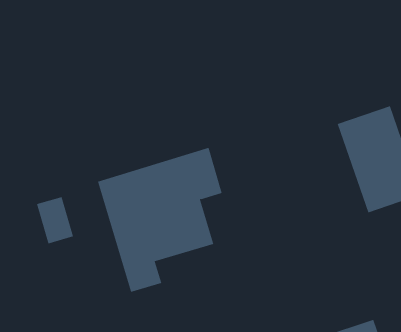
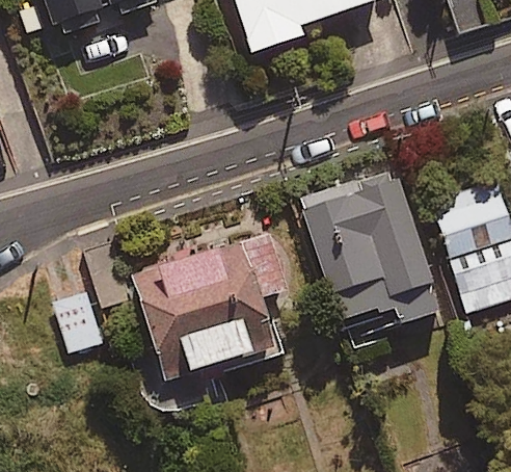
building: none -> [305,177,441,339]

